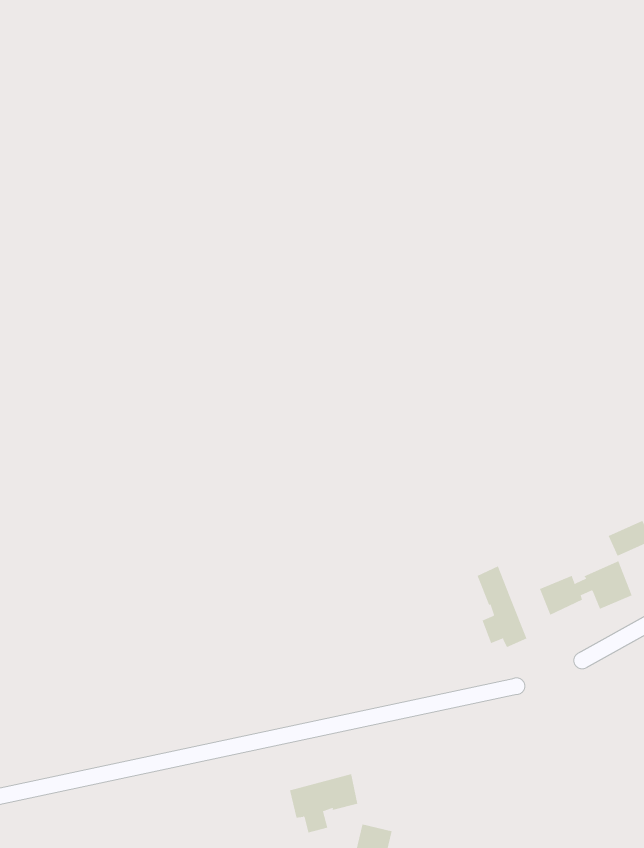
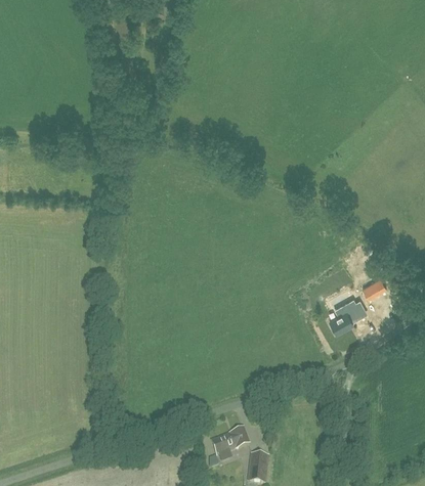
building: [477,565,527,648] -> none

